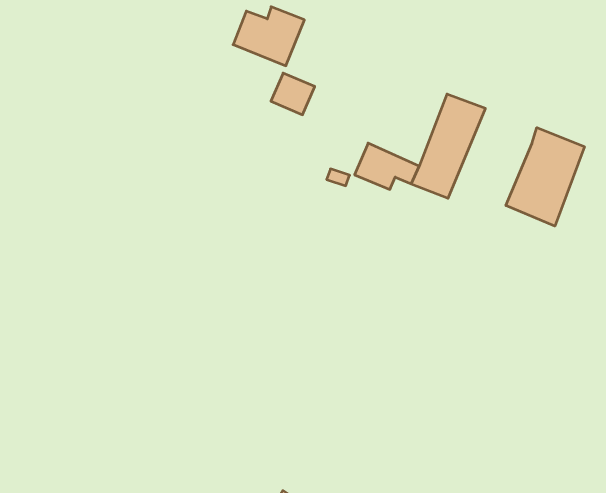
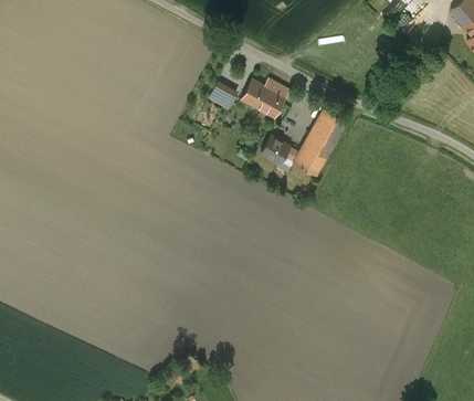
building: [233,7,304,66] -> [241,76,289,116]
building: [506,128,584,226] -> none

